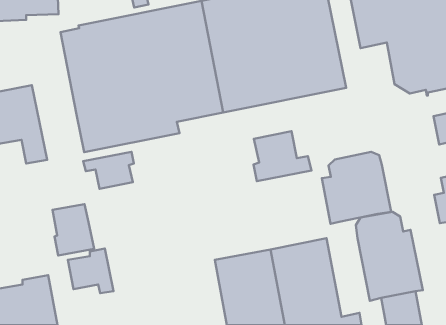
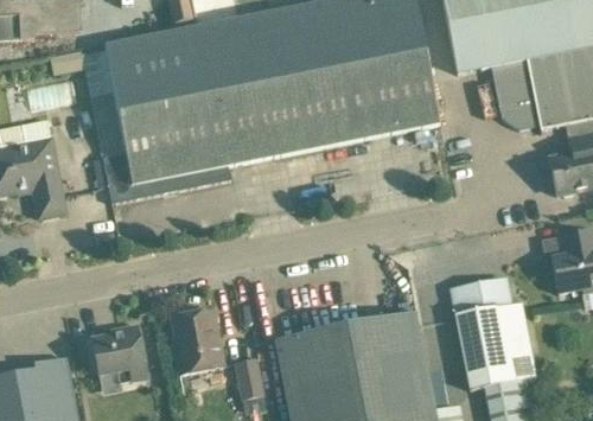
building: [253,131,312,181] -> none
building: [322,152,391,224] -> none
building: [83,152,134,189] -> none
building: [52,204,94,255] -> [172,310,224,374]
building: none -> [234,362,263,398]

